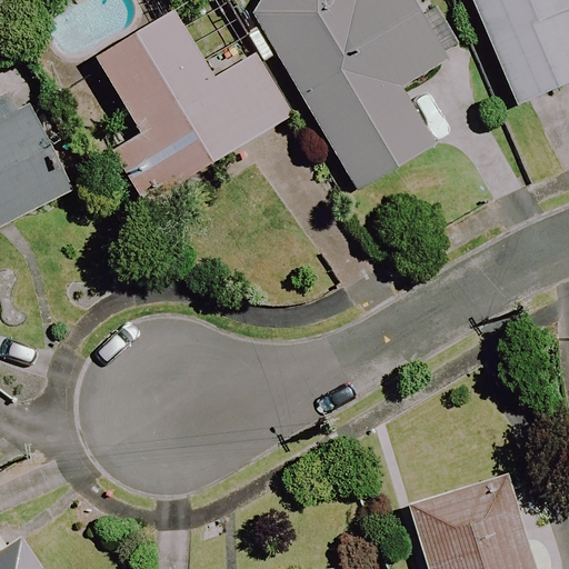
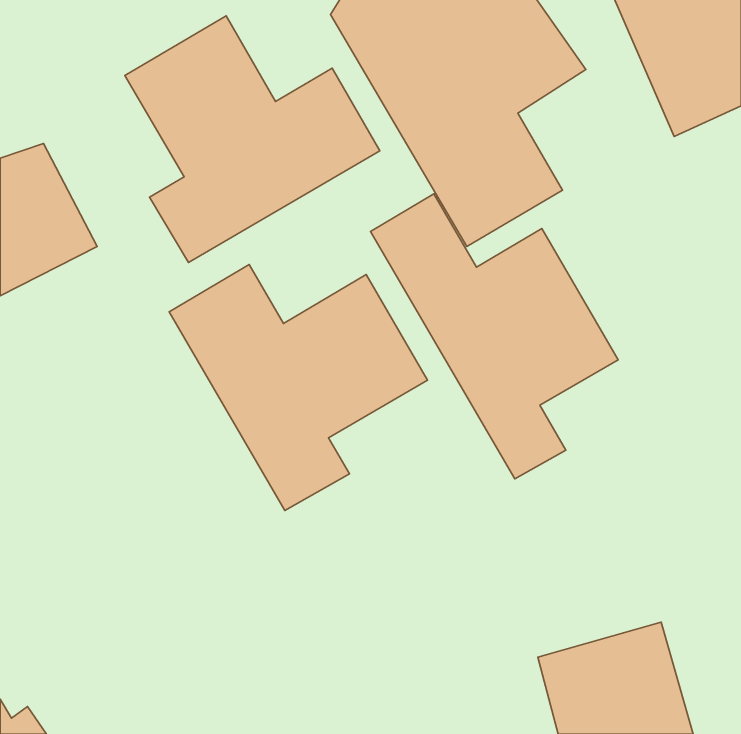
building: none -> [370,194,618,479]
building: none -> [169,265,428,510]

